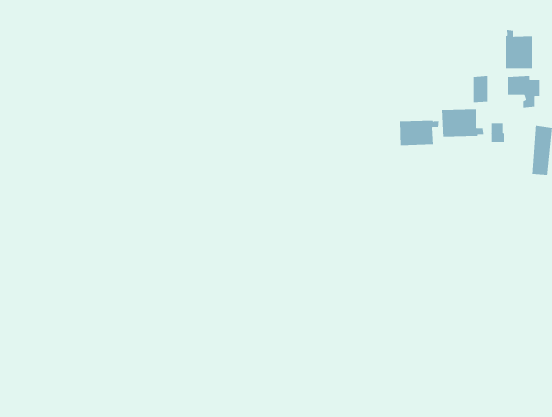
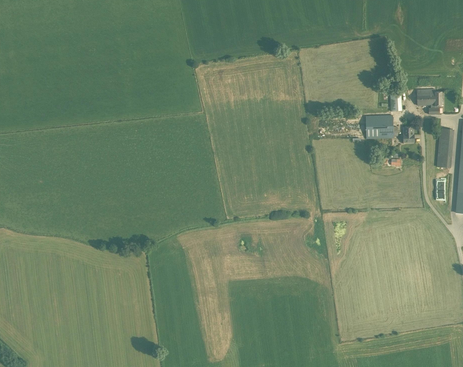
building: [505,29,533,69] -> none
building: [399,120,440,146] -> none

